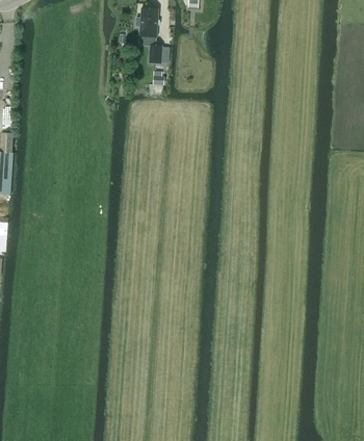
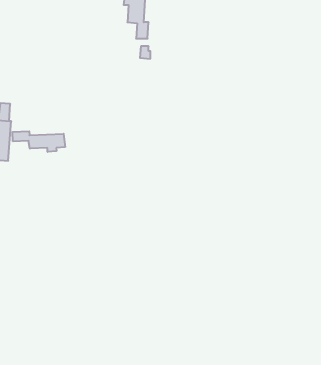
building: none -> [13,131,65,152]

